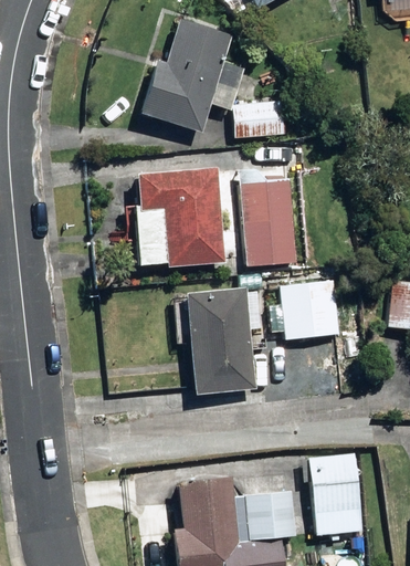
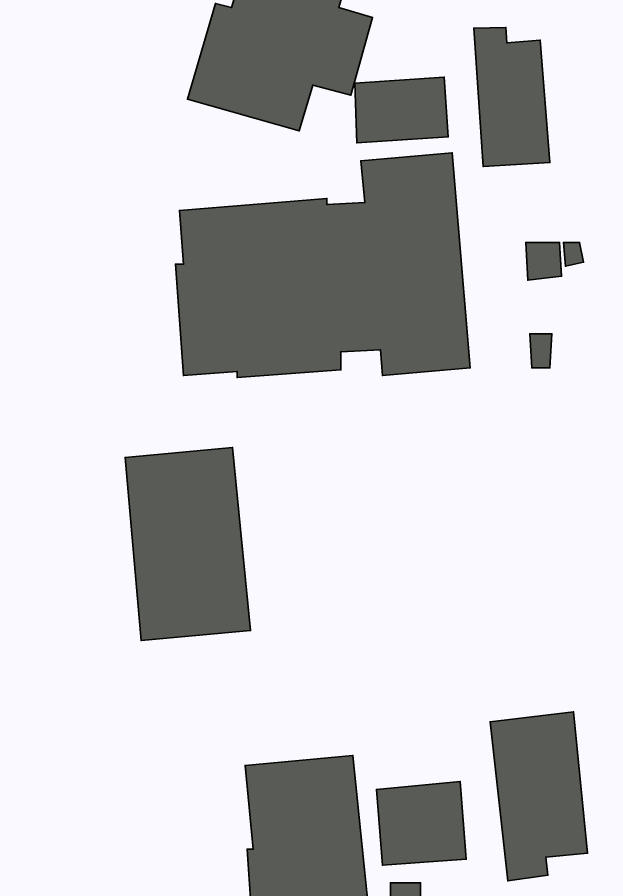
building: none -> [474,27,550,166]
building: [280,280,340,338] -> none
building: [187,286,256,394] -> [125,447,251,640]

